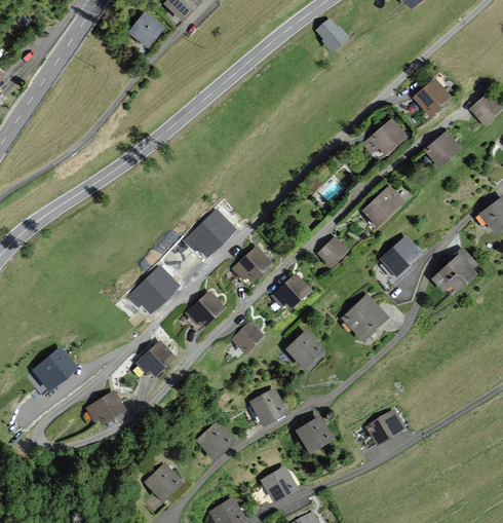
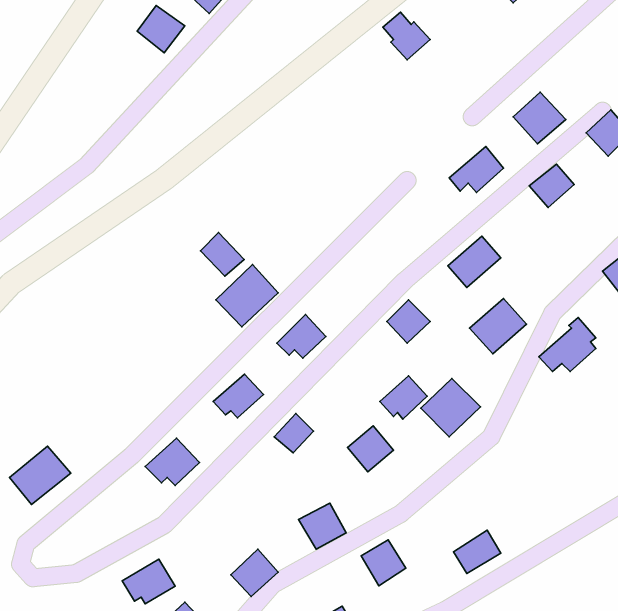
building: none -> [201,232,244,276]
building: [131,265,180,312] -> none
building: [273,274,309,307] -> [380,376,427,419]
building: [85,389,125,423] -> [122,559,175,604]

